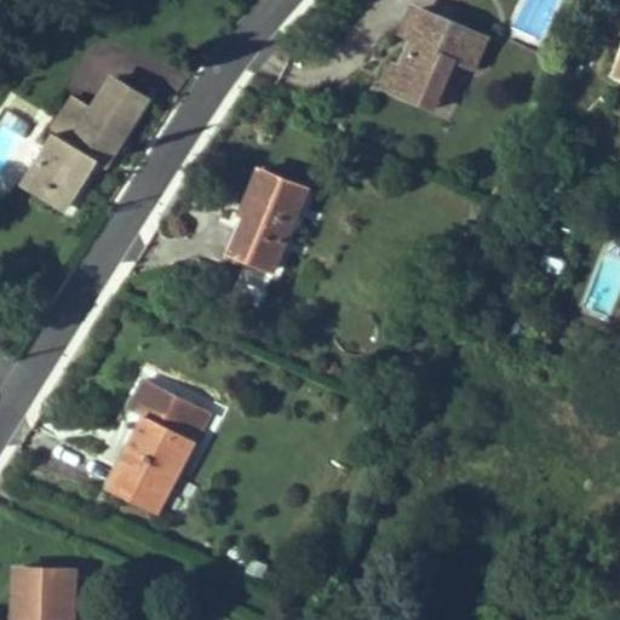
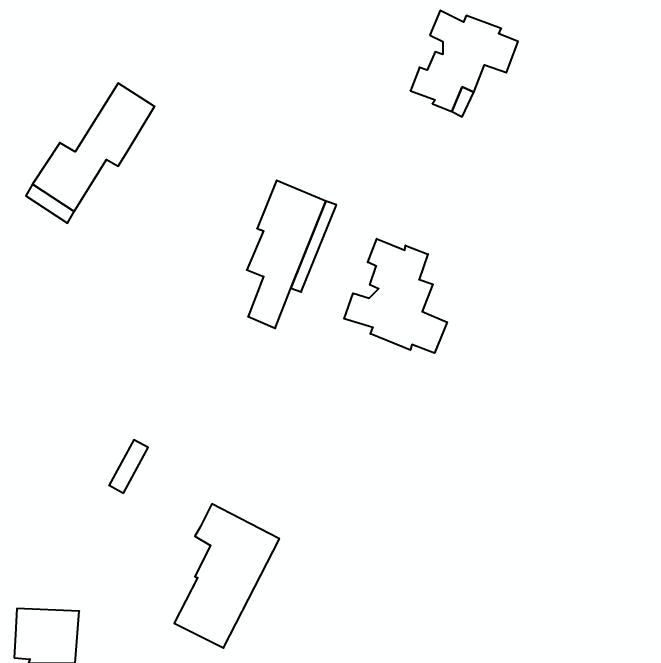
building: none -> [344,239,447,353]
building: [109,378,207,512] -> [174,504,279,648]

